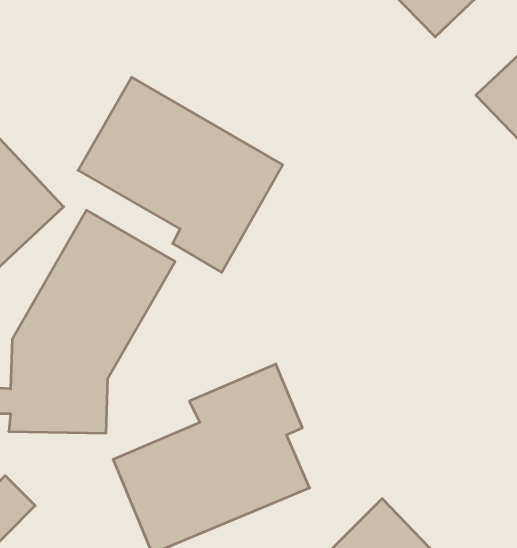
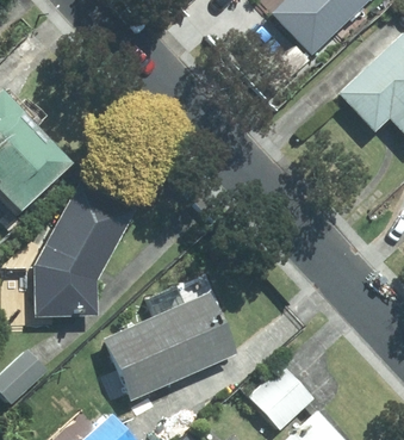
building: [78,77,283,272] -> none

